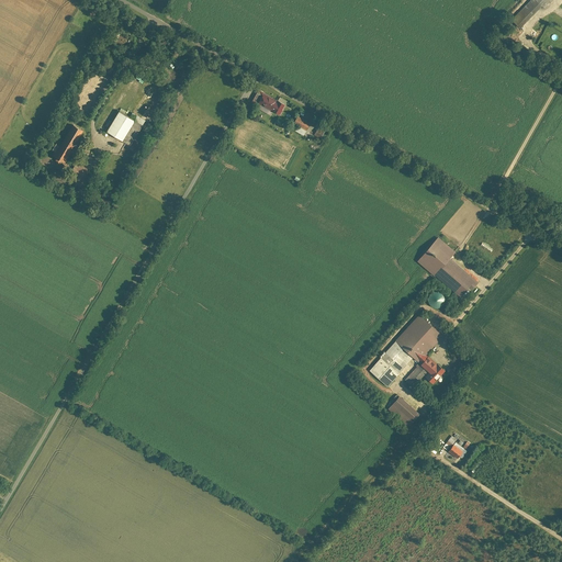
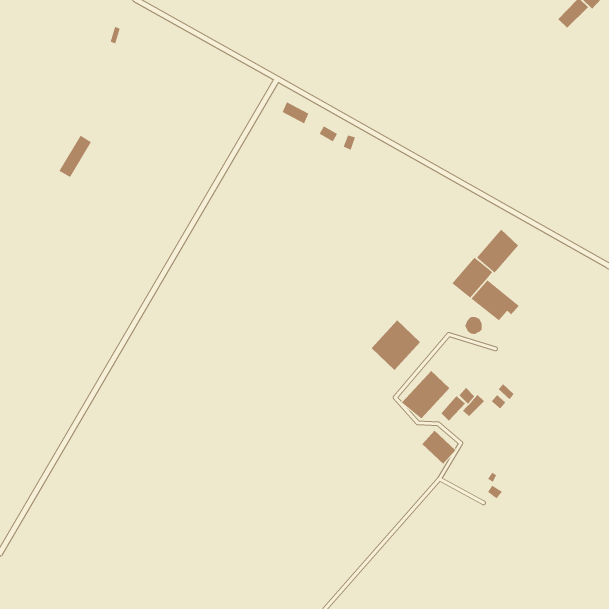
building: [106,111,135,142] -> none
building: none -> [476,229,519,273]
building: [396,314,442,361] -> [371,319,421,371]

